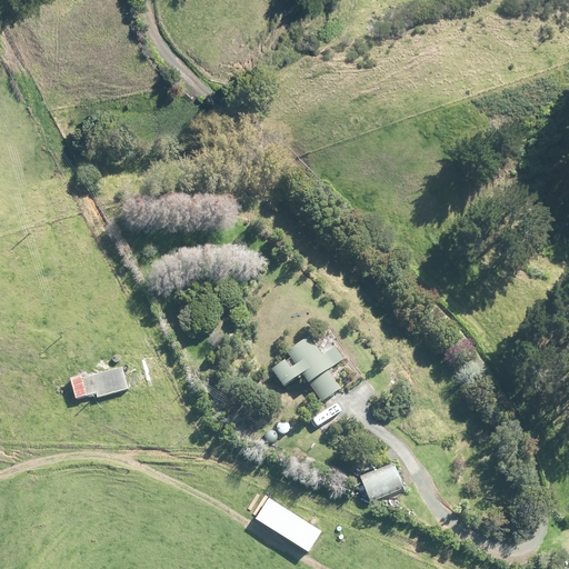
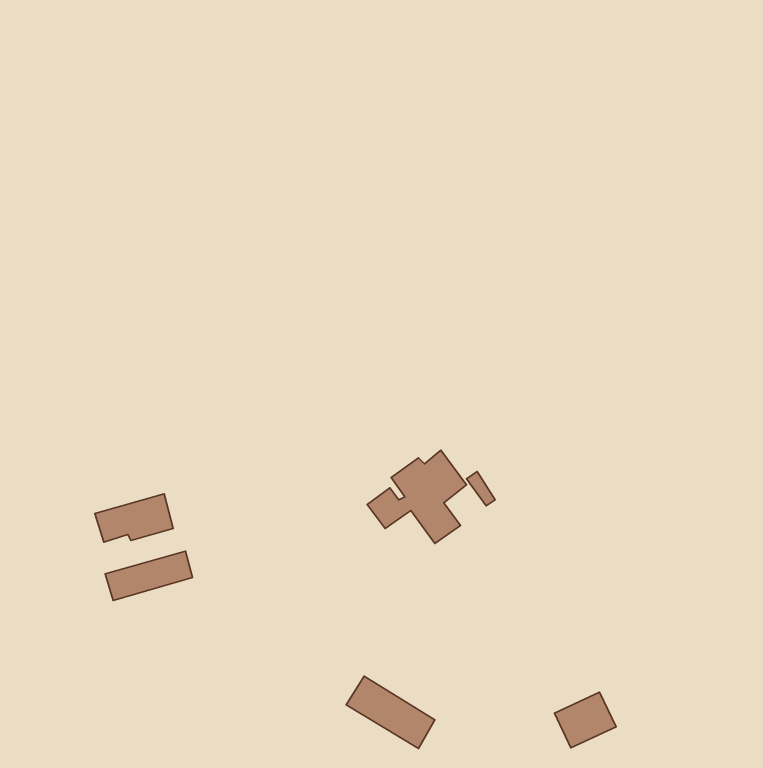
building: none -> [105,551,192,600]
building: [358,458,403,499] -> [554,692,616,748]

